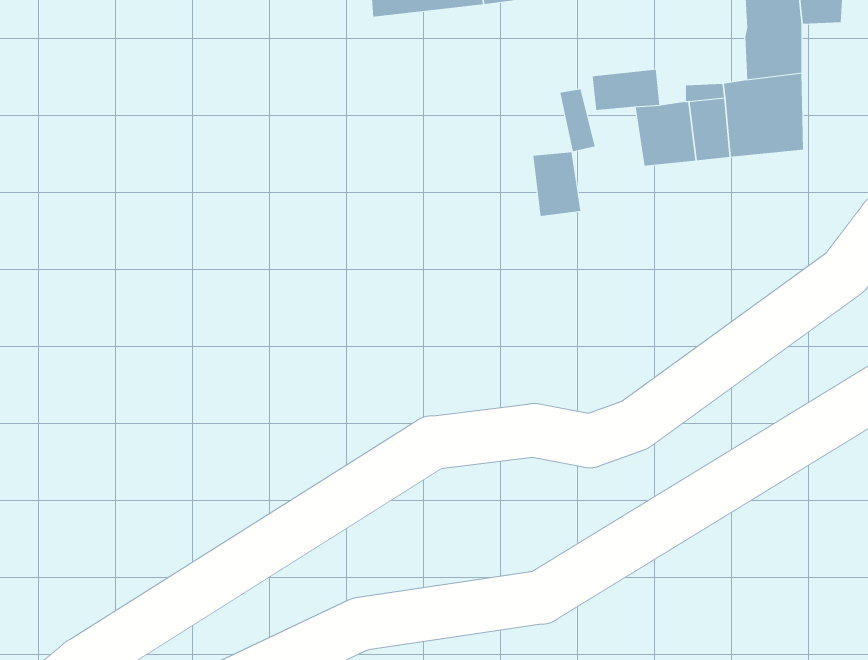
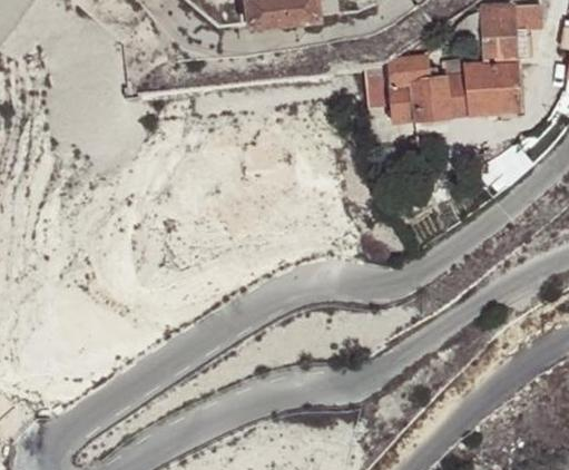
building: [533,152,581,216] -> [389,81,419,121]

